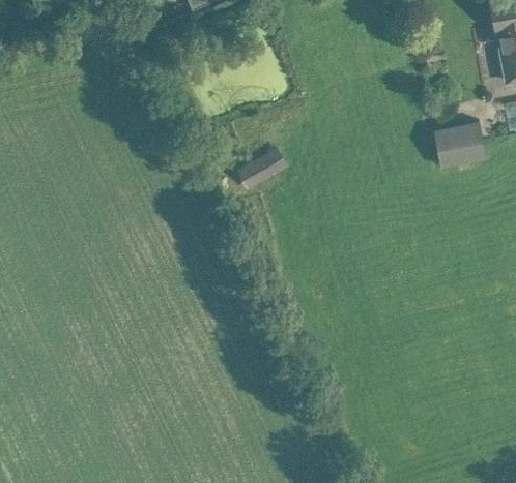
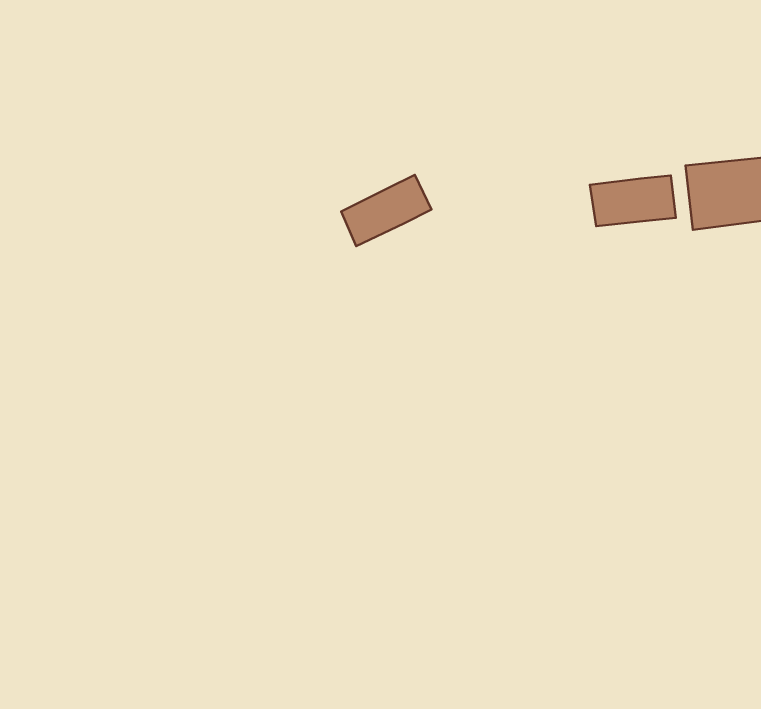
building: none -> [590,176,676,226]

